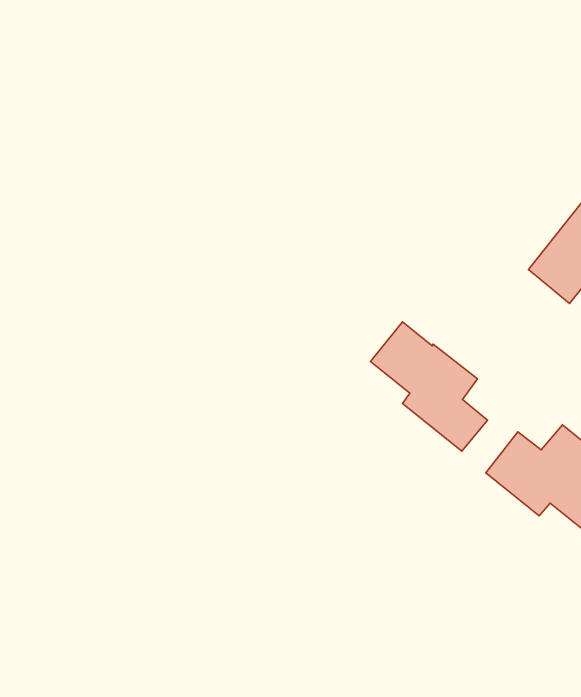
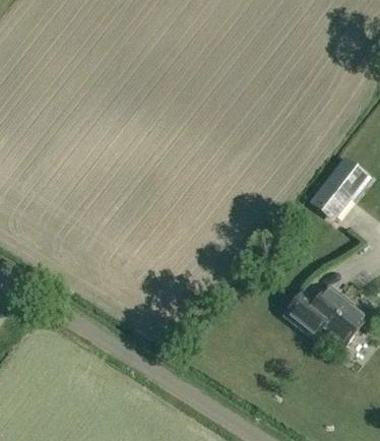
building: [370,322,488,451] -> none

